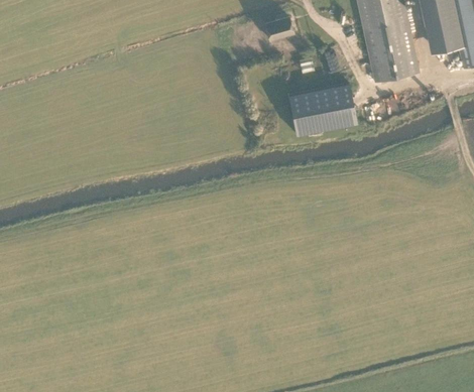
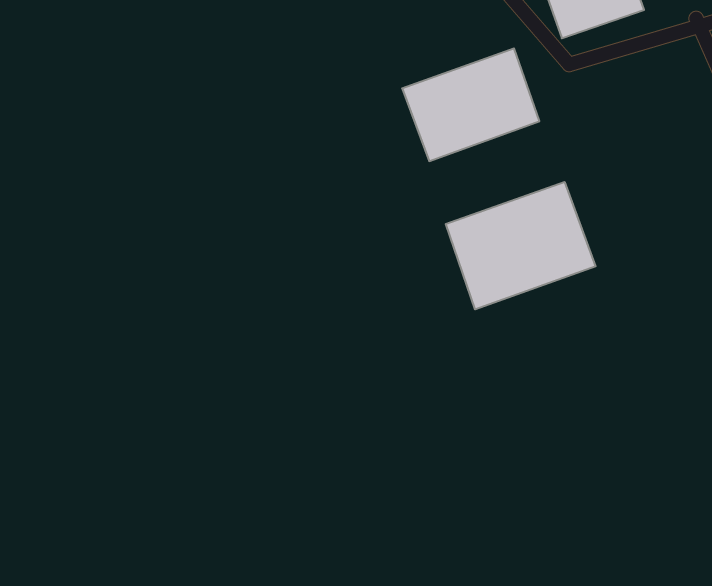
building: none -> [446,182,596,309]

